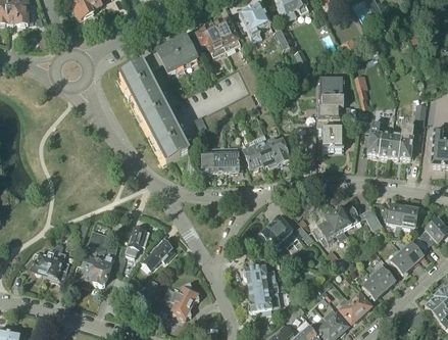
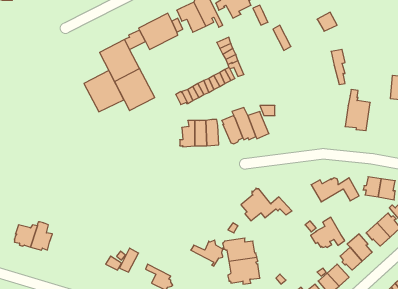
building: [317,76,349,148] -> none
building: [148,123,189,164] -> [84,71,124,112]
building: [389,126,414,157] -> none
building: [312,211,347,242] -> [311,217,345,247]
building: [119,226,149,258] -> none
building: [74,230,117,286] -> none
building: [140,239,175,268] -> none
building: [166,282,199,308] -> [191,240,223,266]

